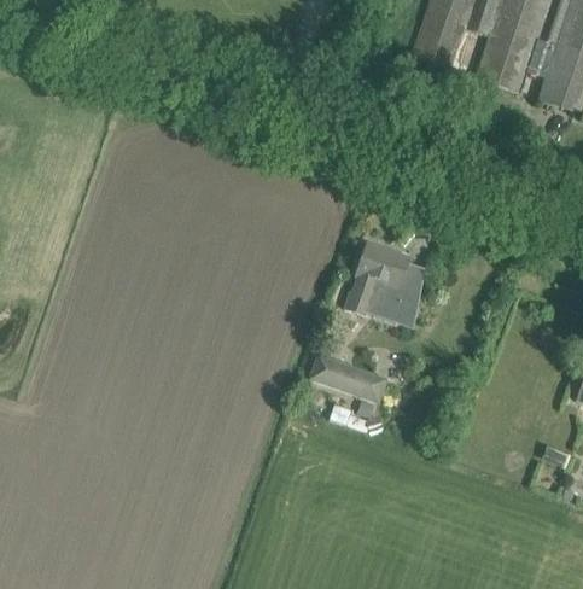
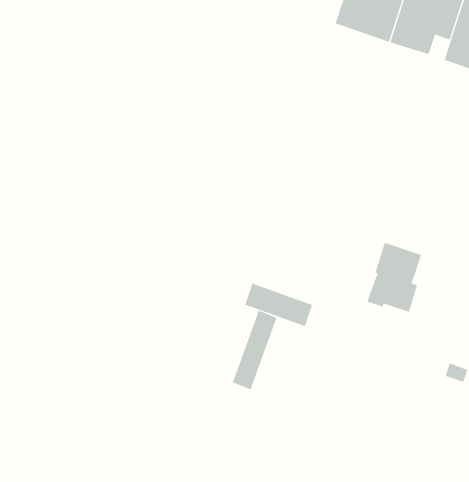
building: [346,240,410,321] -> [366,242,422,312]
building: none -> [232,310,277,390]

